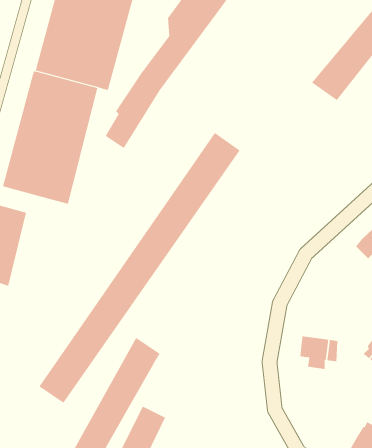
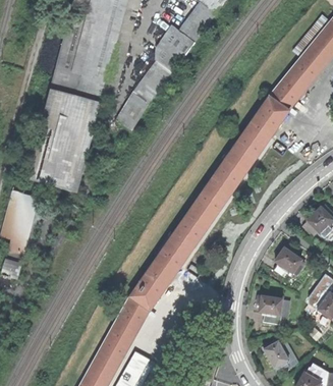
building: [39,132,240,404] -> [130,96,288,309]
building: none -> [274,246,303,276]
building: none -> [264,340,289,374]

